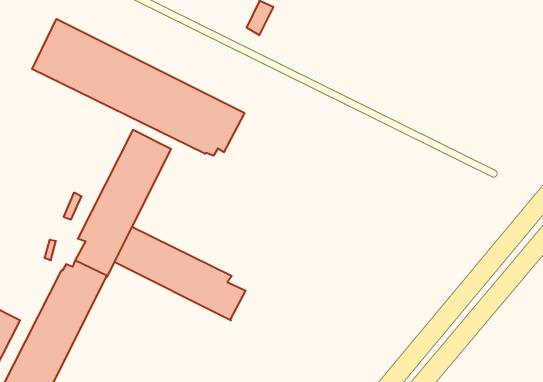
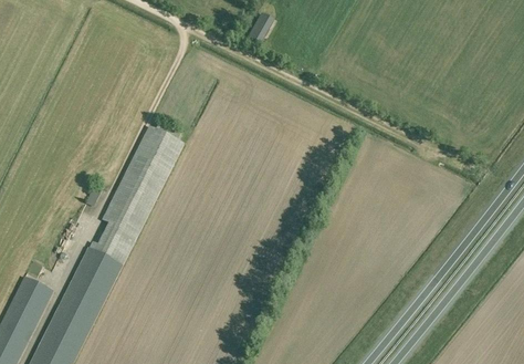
building: [32,19,244,156] -> none
building: [114,227,245,320] -> none

